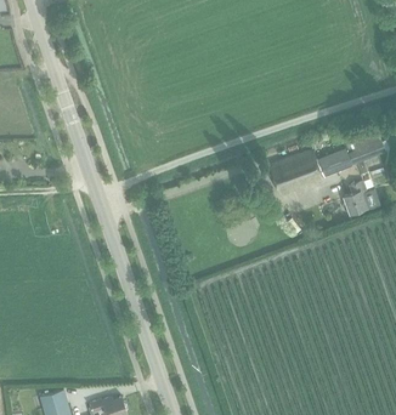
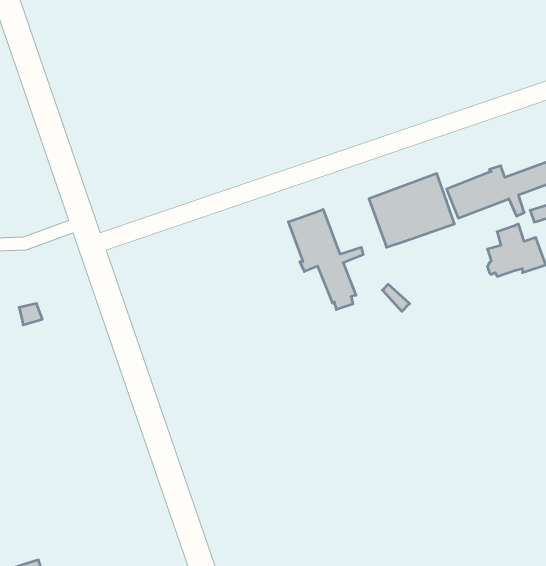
building: none -> [288,209,363,310]

